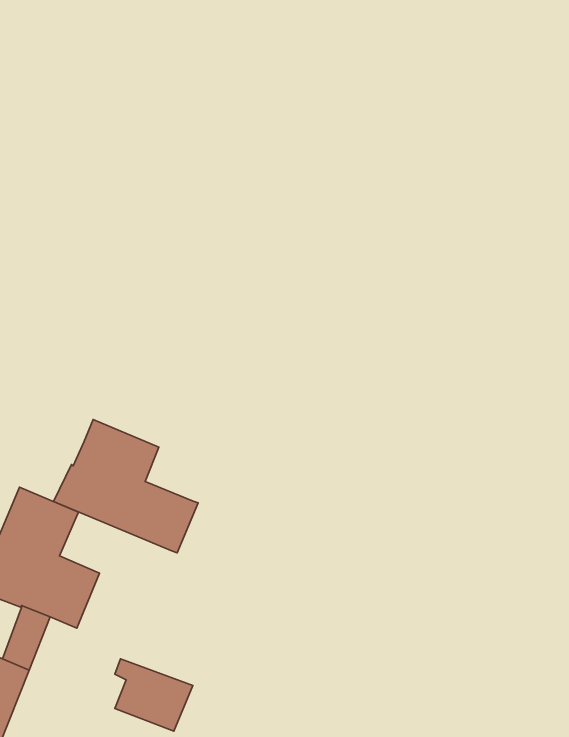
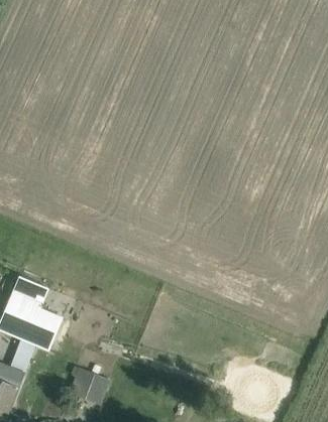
building: [54,419,198,553] -> none

